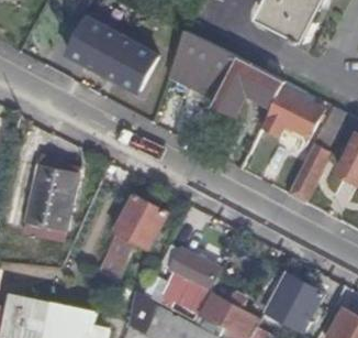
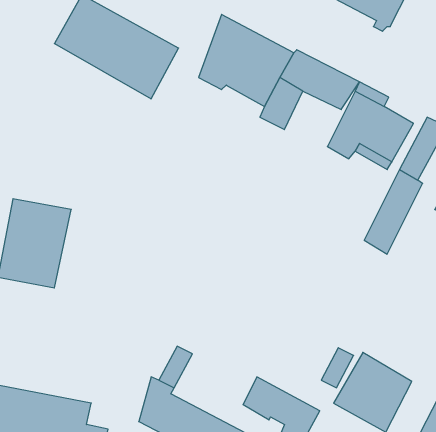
building: [97,195,165,282] -> none
building: [168,248,216,310] -> none

